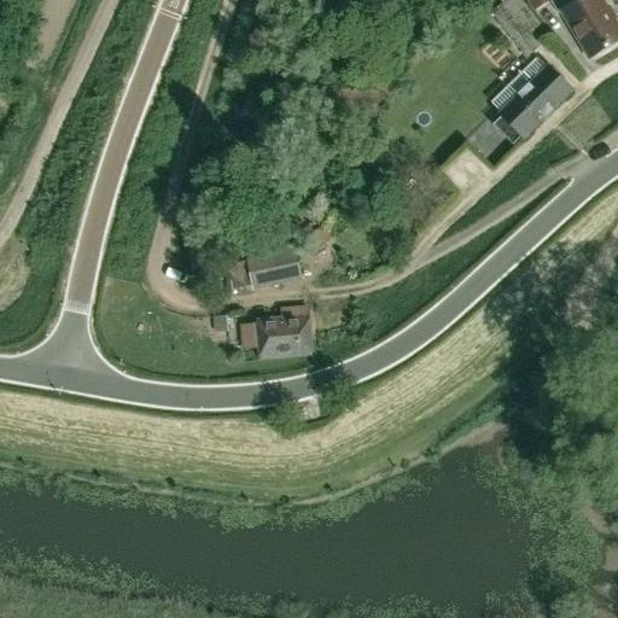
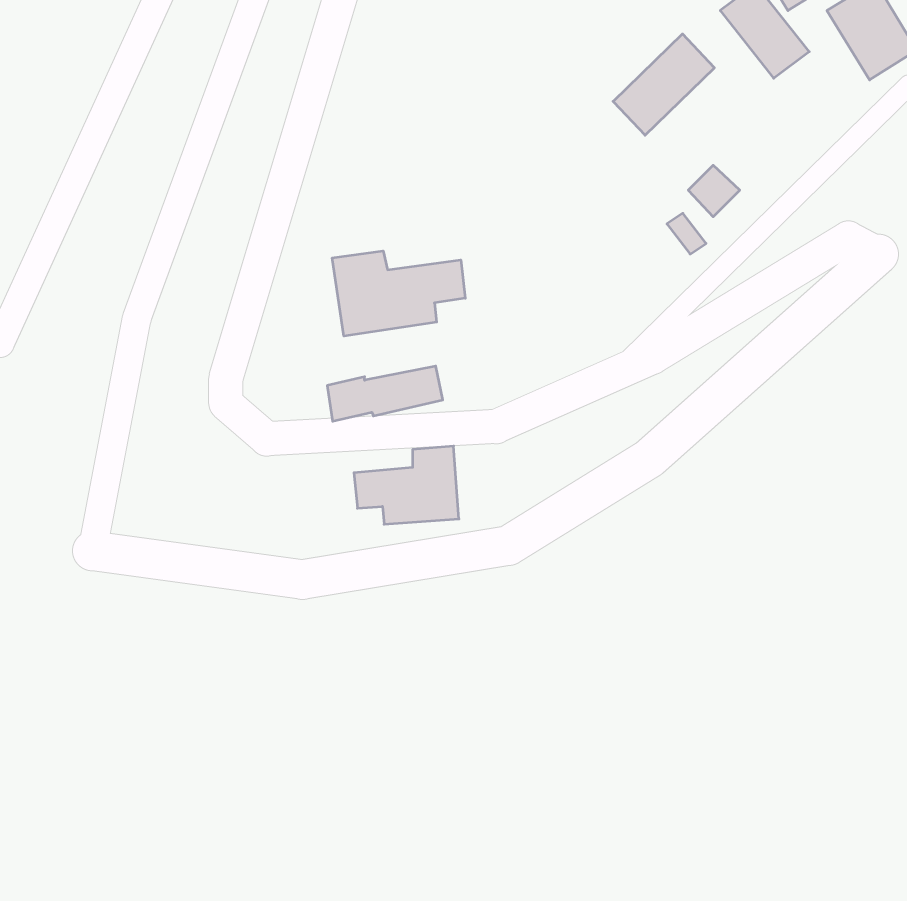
building: [501,66,570,135] -> [613,34,714,135]
building: none -> [332,251,465,336]

